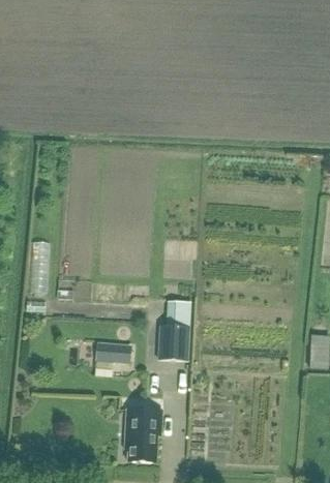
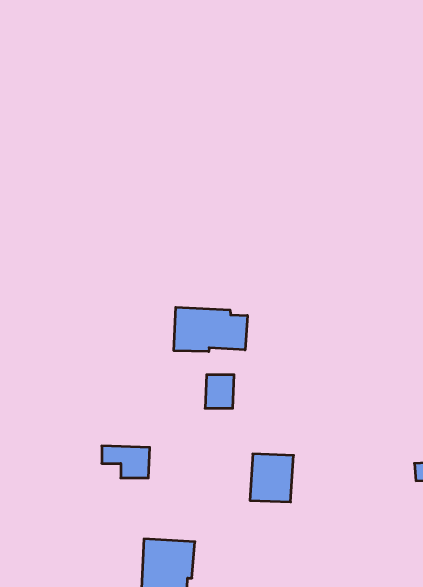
building: none -> [174,307,247,352]
building: [157,326,188,360] -> [250,454,294,502]

